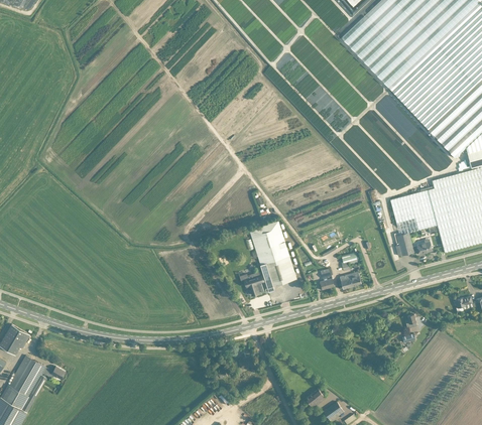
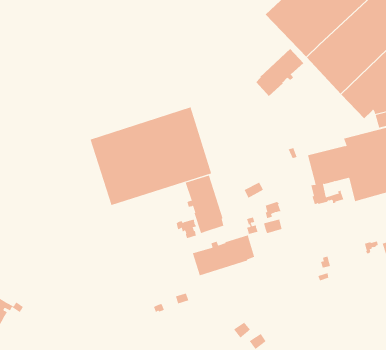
building: none -> [255,48,304,97]
building: none -> [90,106,212,206]
building: none -> [192,235,255,276]

